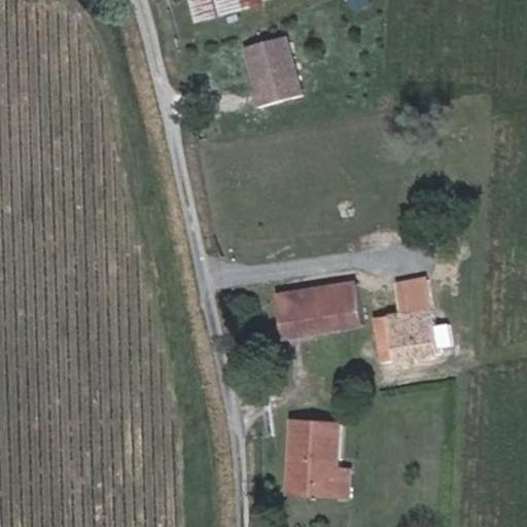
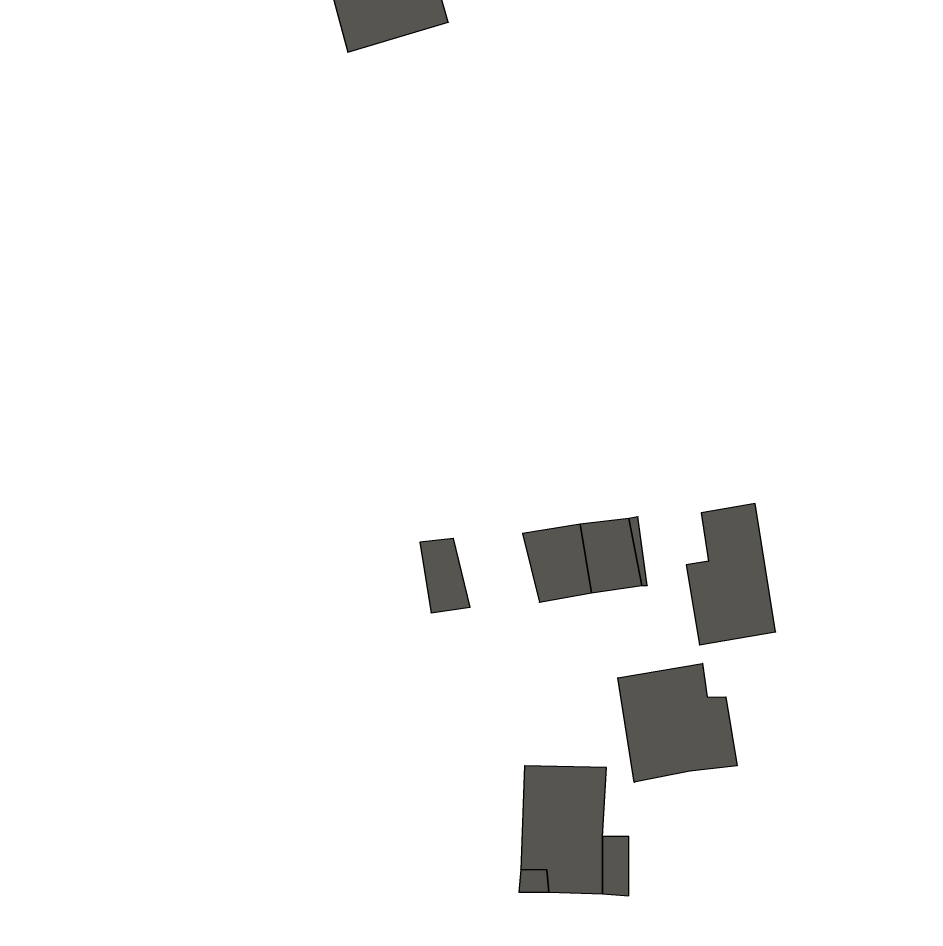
building: [244,32,306,104] -> none
building: [271,295,298,337] -> [420,538,470,613]
building: none -> [618,663,737,782]

